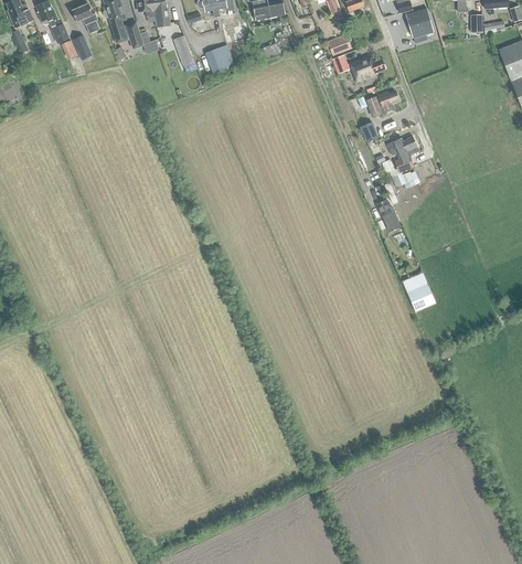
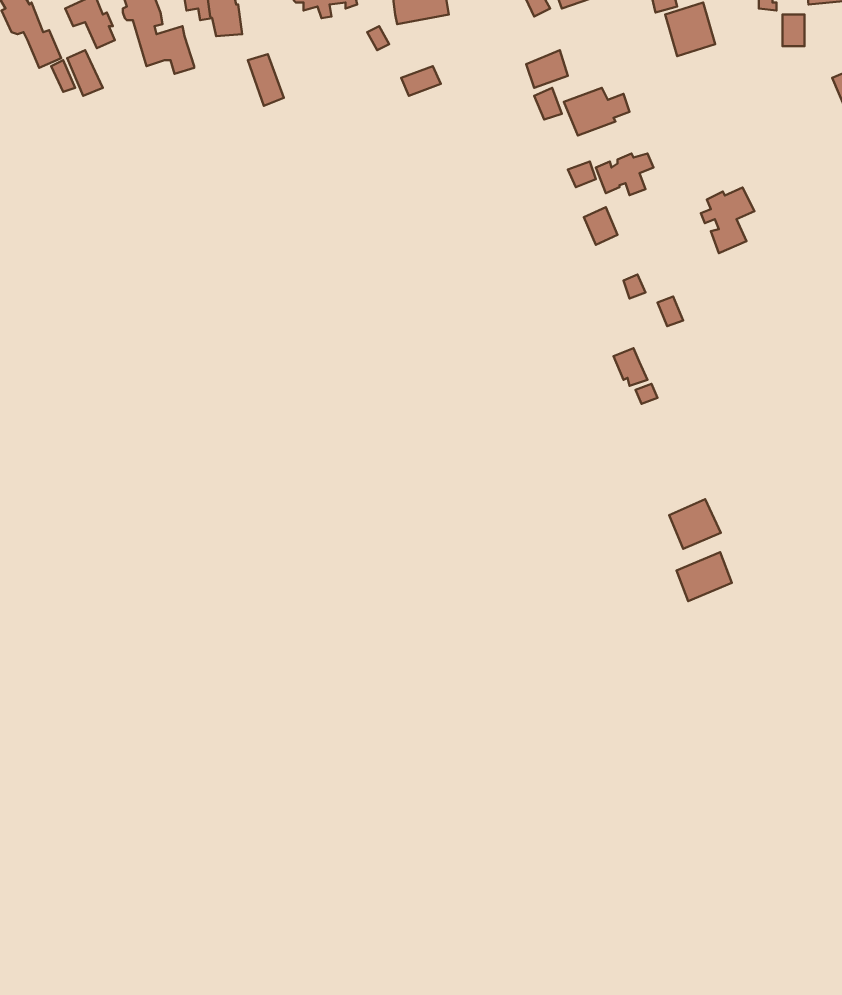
building: [206,45,233,74] -> none
building: [388,135,418,171] -> [701,187,755,253]
building: none -> [677,552,732,601]

